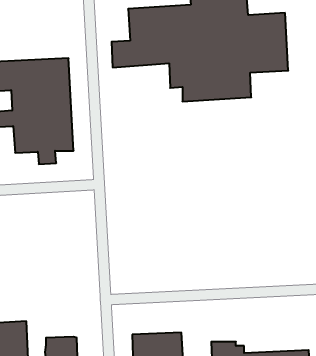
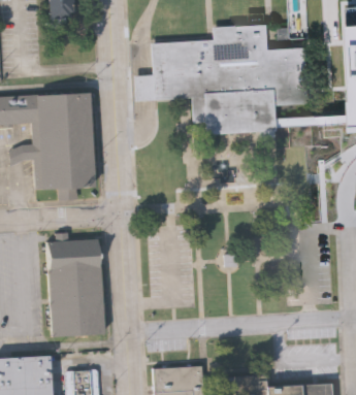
building: none -> [45,240,103,338]

